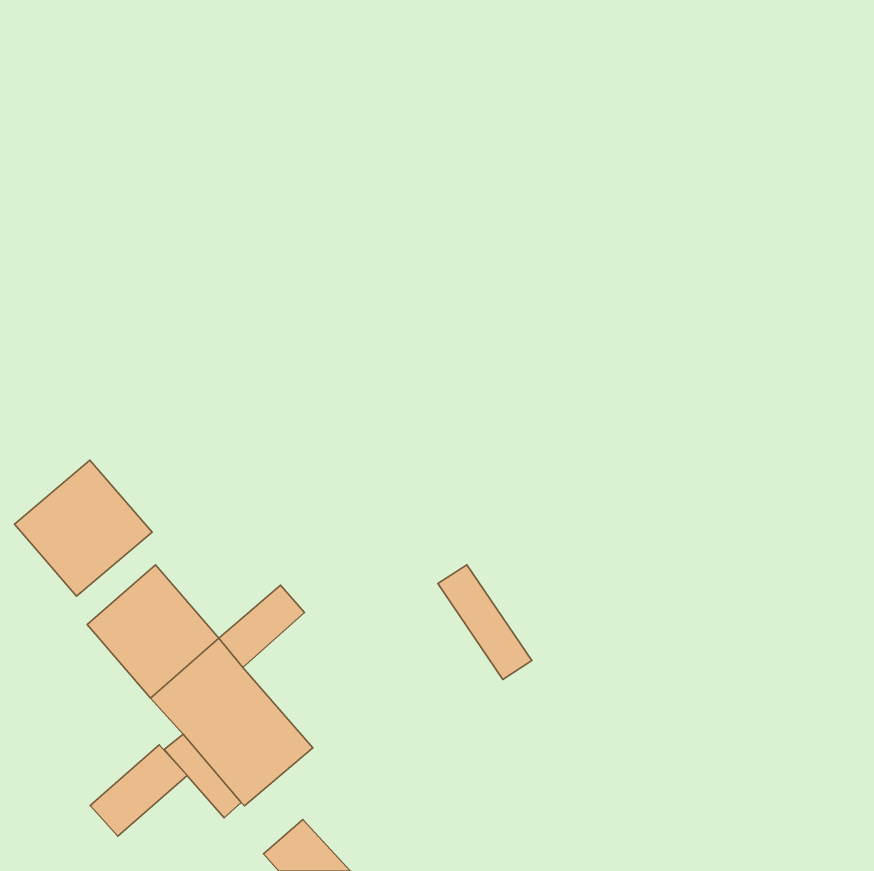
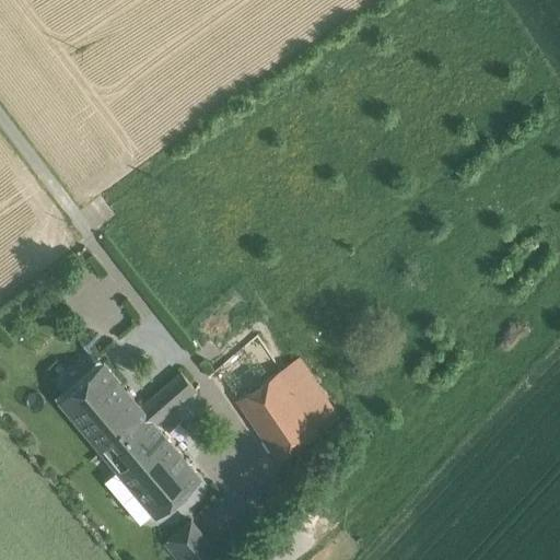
building: [14,460,152,596] -> none
building: none -> [237,373,322,464]
building: [90,745,187,836] -> none

